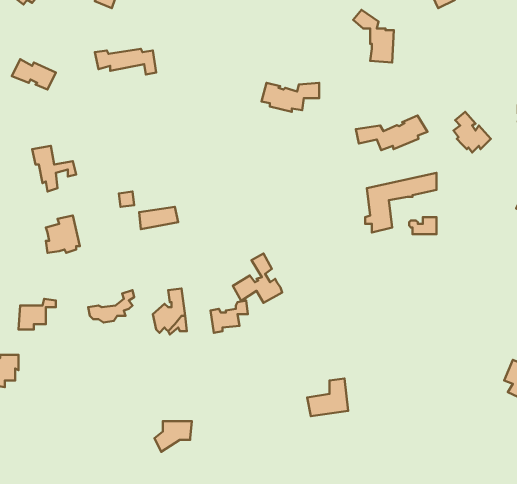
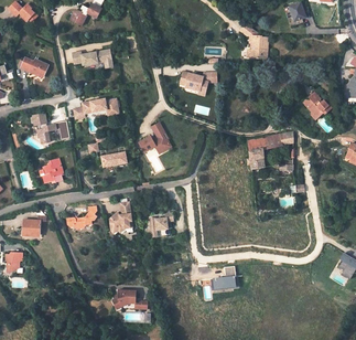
building: [356,115,427,150] -> none
building: none -> [74,98,119,119]
building: [233,253,282,303] -> [140,121,172,153]

